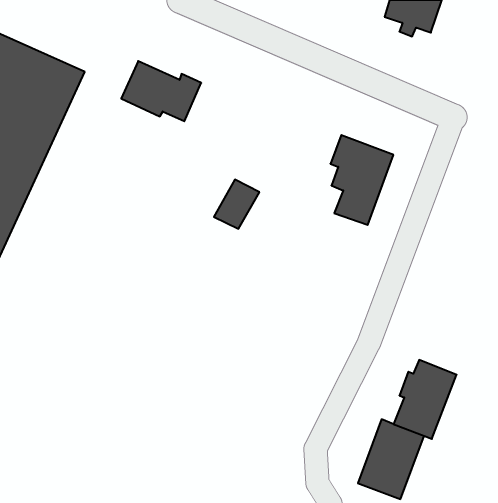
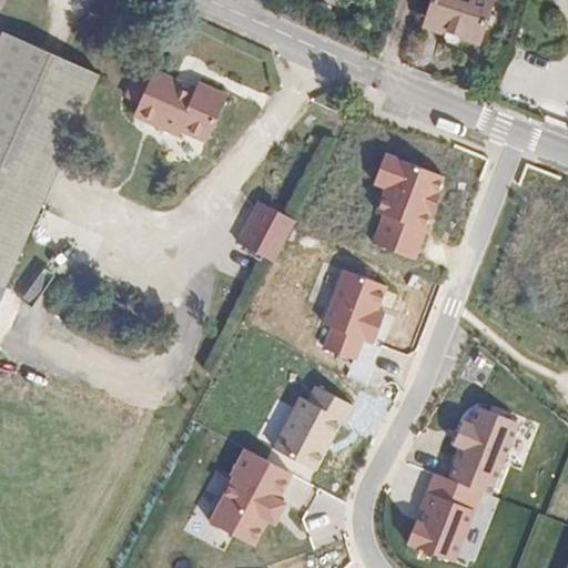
building: none -> [313,265,389,365]
building: none -> [265,385,351,468]
building: none -> [206,446,290,542]

